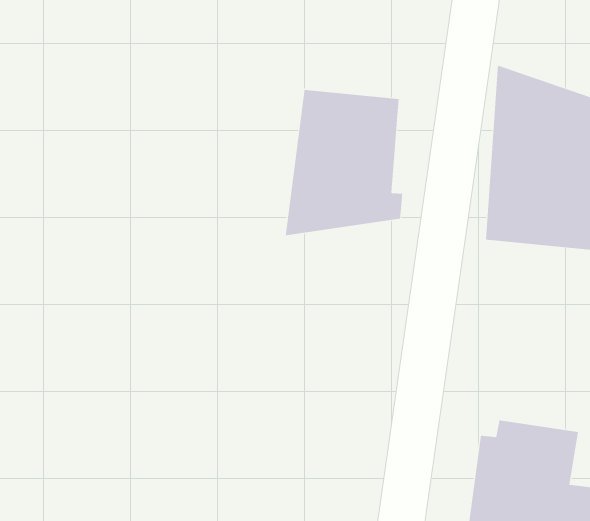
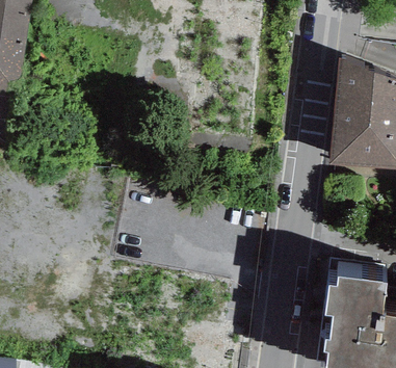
building: [285,89,403,236] -> none

